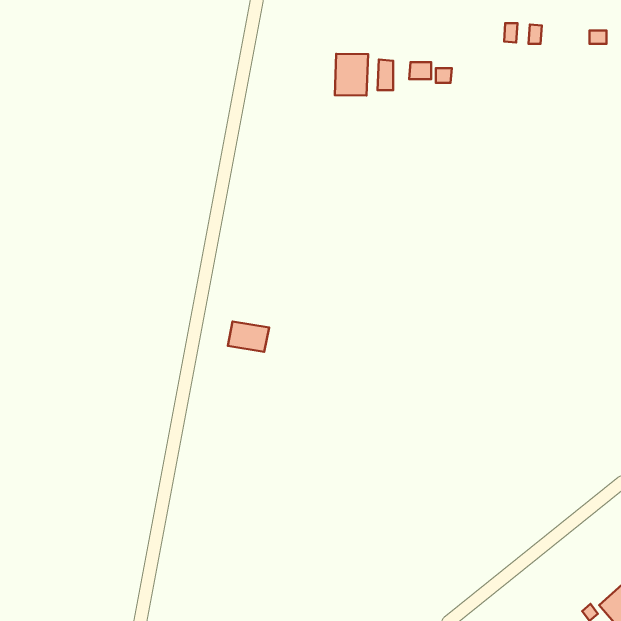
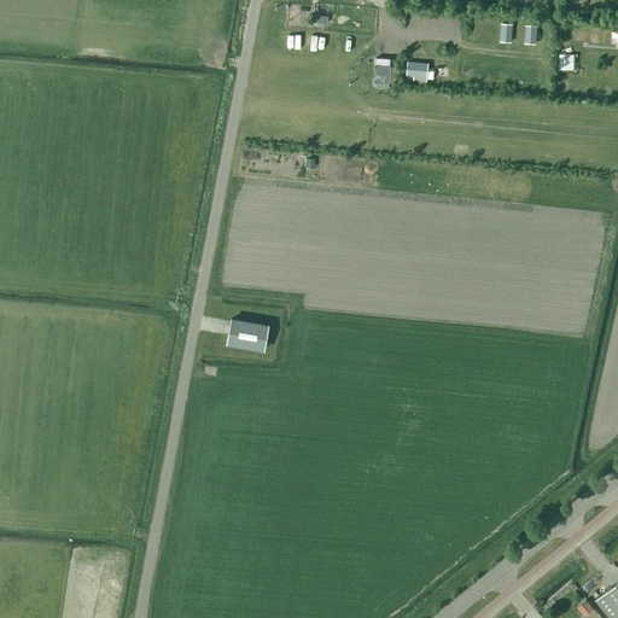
building: [335,54,368,95] -> none

